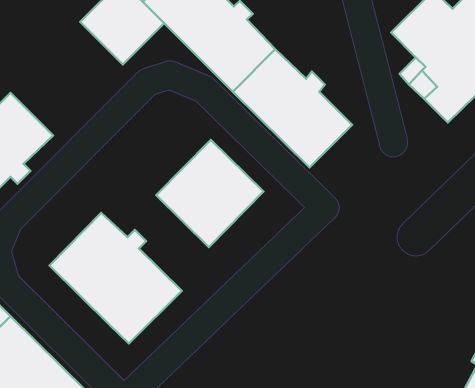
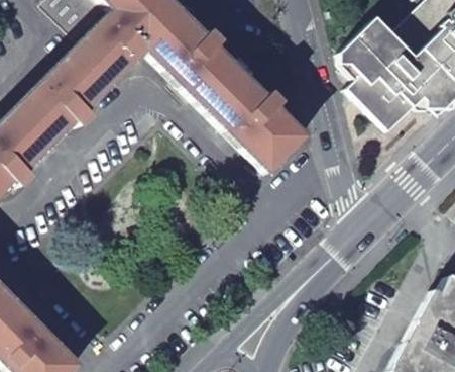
building: none -> [15,46,111,144]
building: [156,140,264,247] -> none
building: [49,213,182,344] -> none

